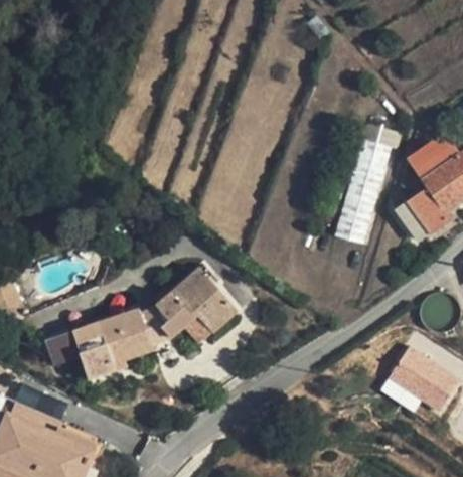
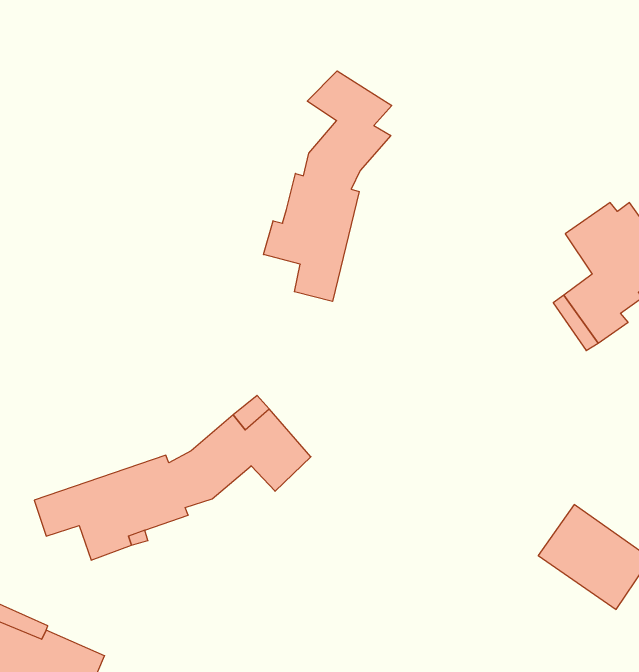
building: none -> [264,71,392,301]
building: [335,123,397,244] -> none

